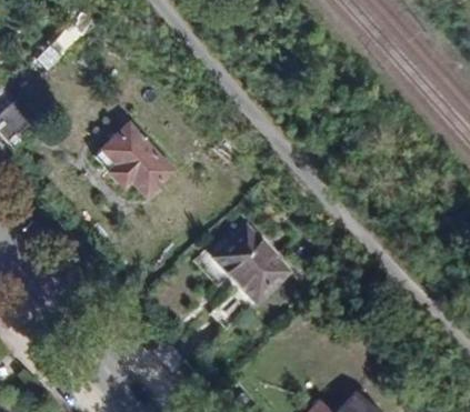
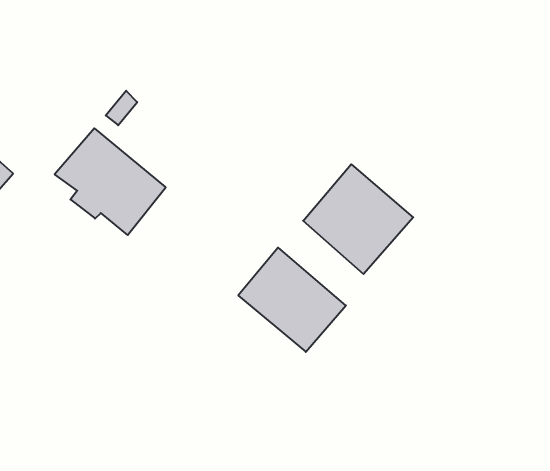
building: none -> [303,164,413,274]

